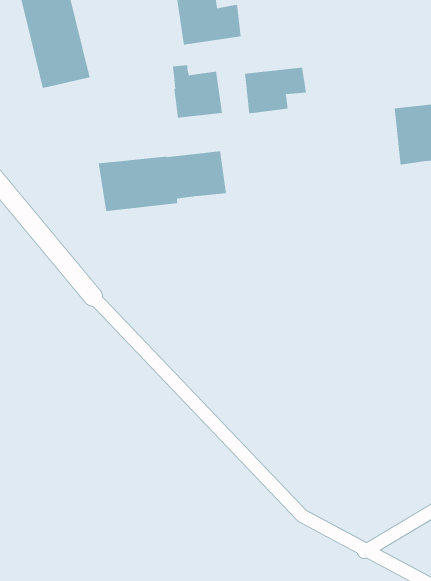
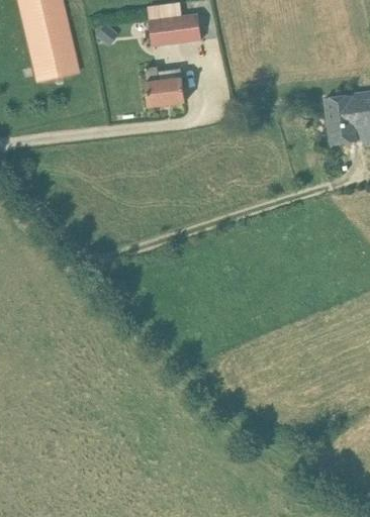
building: [244,67,306,114] -> none
building: [98,150,226,212] -> none

